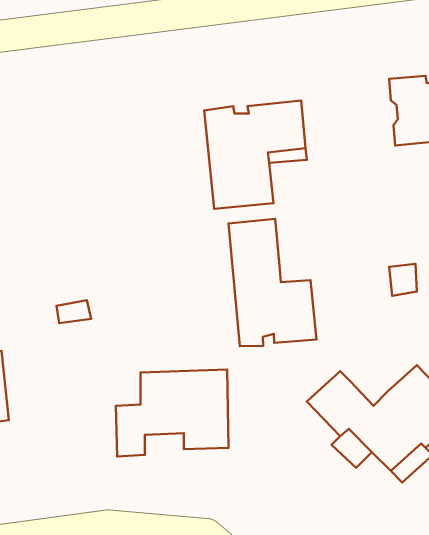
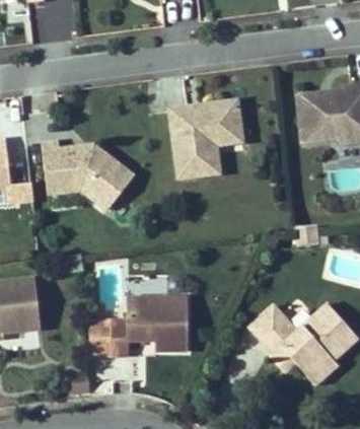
building: none -> [42,144,134,213]
building: [228,219,317,346] -> none

